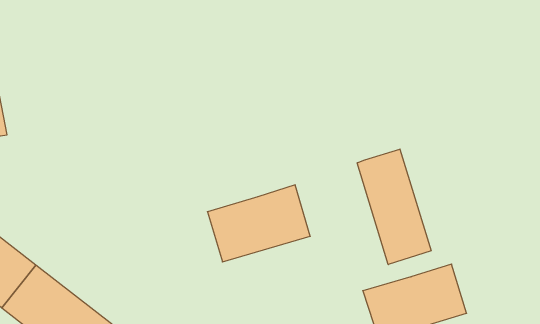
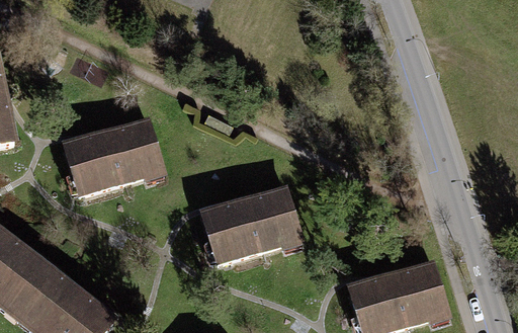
building: none -> [64,120,162,193]
building: [357,149,431,265] -> none

